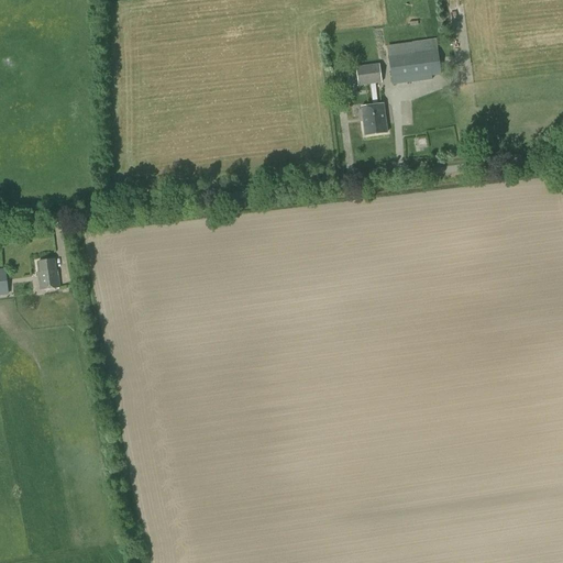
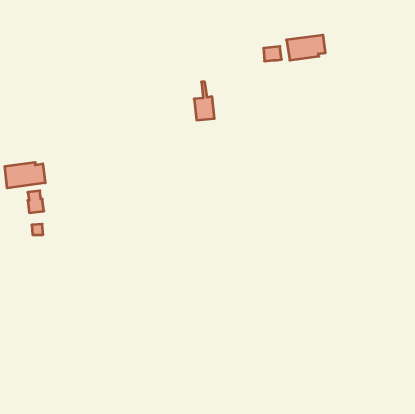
building: [360,81,387,133] -> [194,82,214,120]
building: none -> [5,162,45,188]

